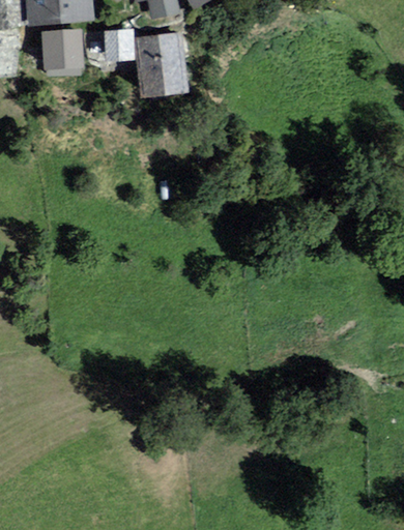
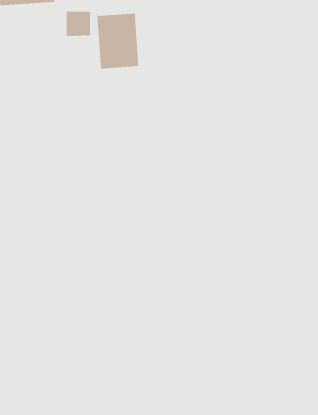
building: [44,32,83,68] -> none

